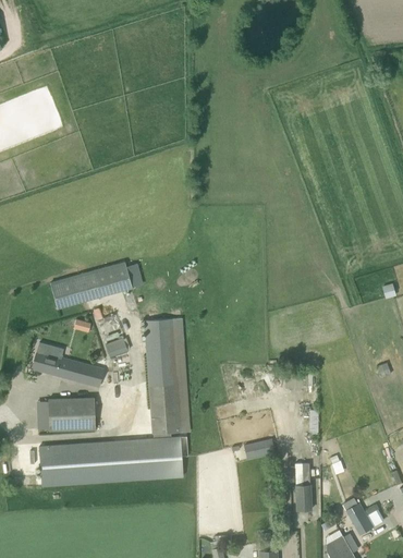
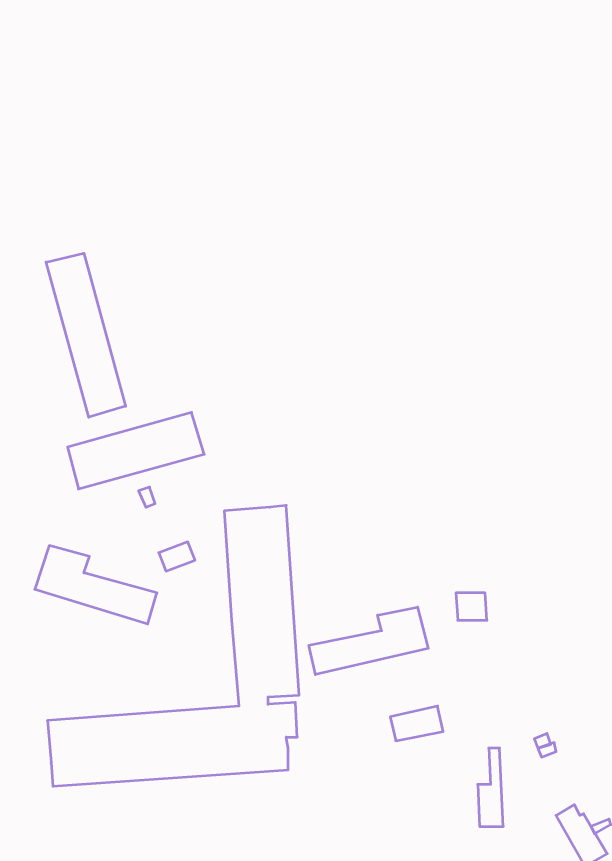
building: none -> [46,253,126,417]
building: none -> [309,607,428,675]
building: [38,398,96,430] -> none

